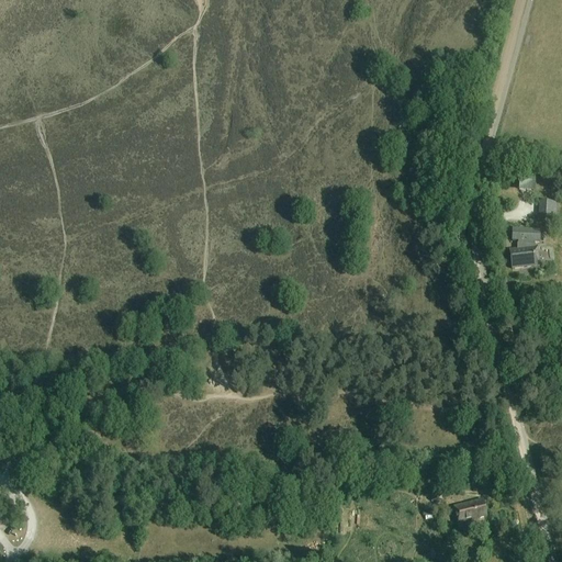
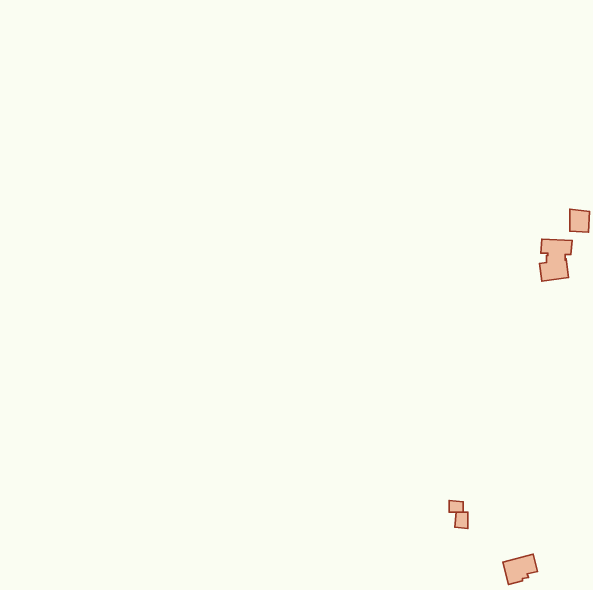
building: [453,497,486,526] -> [503,554,538,584]

